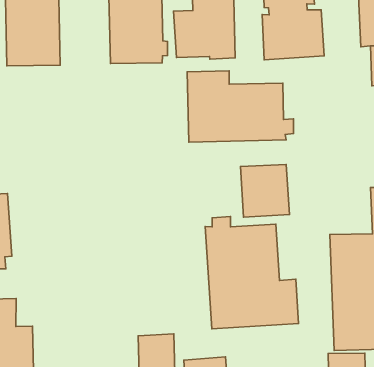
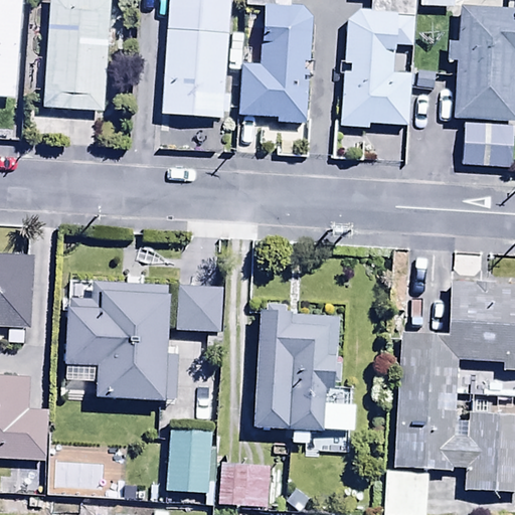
building: [187,71,294,142] -> none
building: [240,164,289,217] -> none
building: none -> [67,269,177,402]
building: none -> [177,283,220,331]

